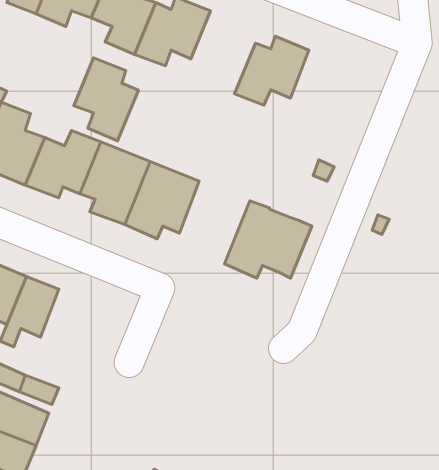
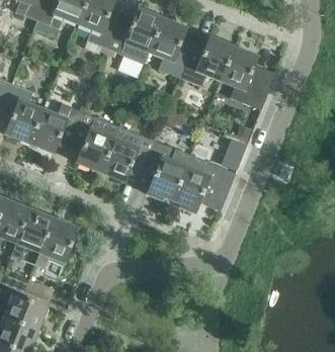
building: none -> [220,47,275,110]
building: [74,58,139,141] -> [148,18,194,78]
building: none -> [220,139,246,173]
building: none -> [140,141,190,200]
building: none -> [34,218,77,269]

